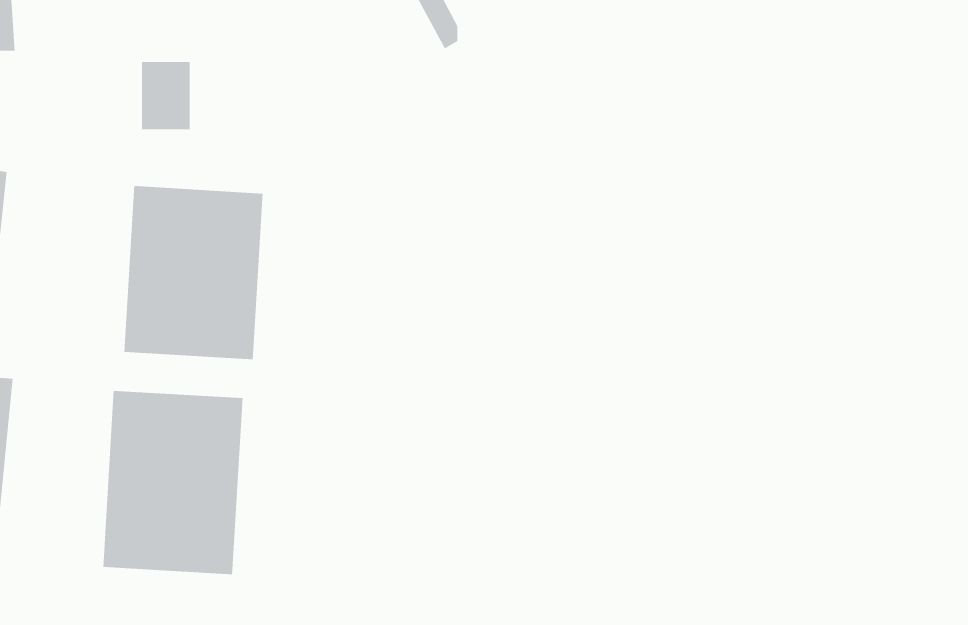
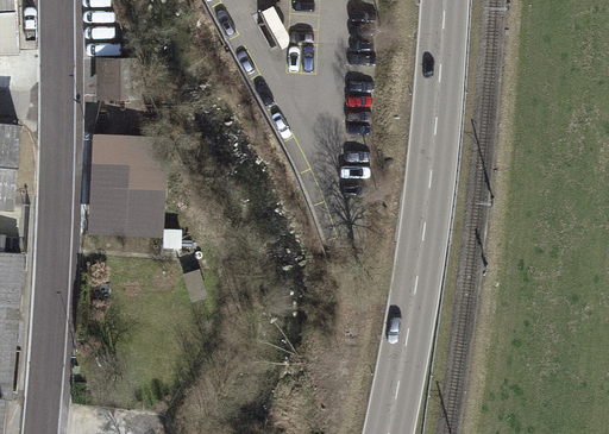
building: [102,390,243,575] -> none

